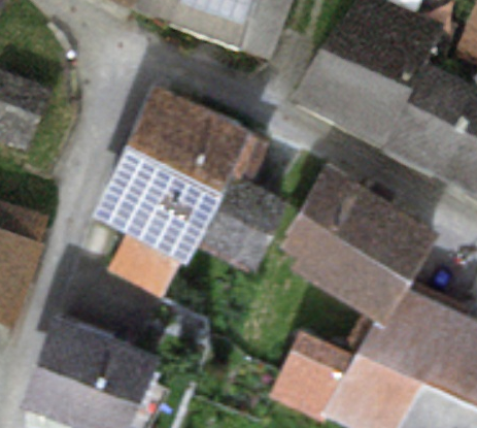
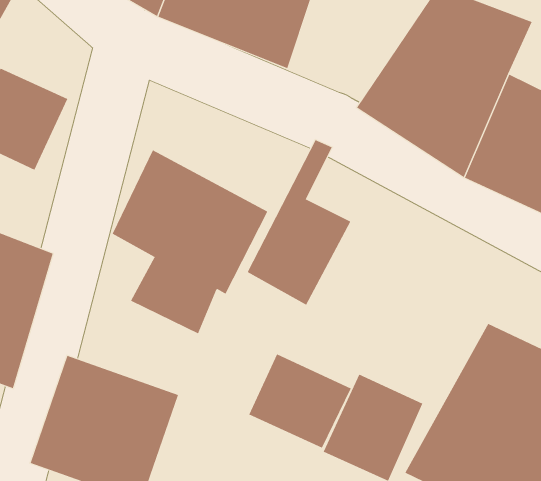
building: [128,81,258,193] -> none
building: [280,161,436,316] -> none
building: none -> [249,354,351,449]

